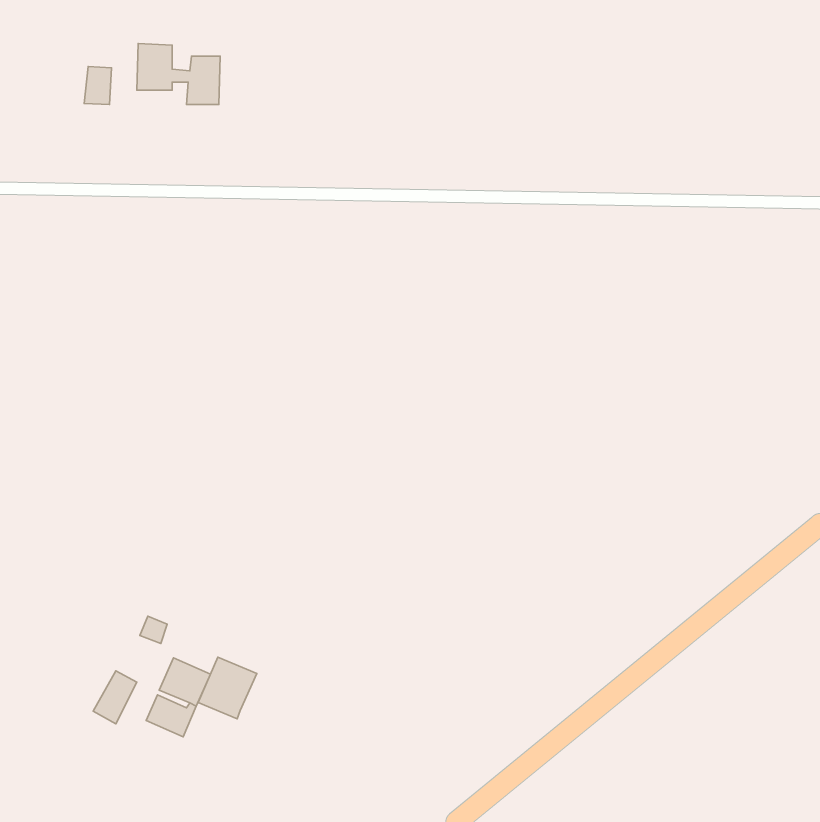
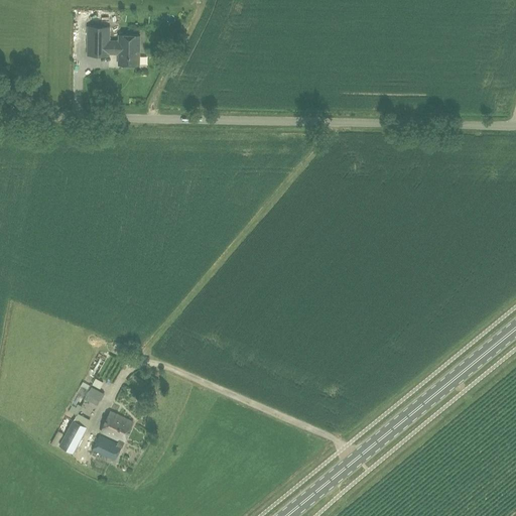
building: [84,66,111,105] -> none
building: [198,657,257,719] -> none

